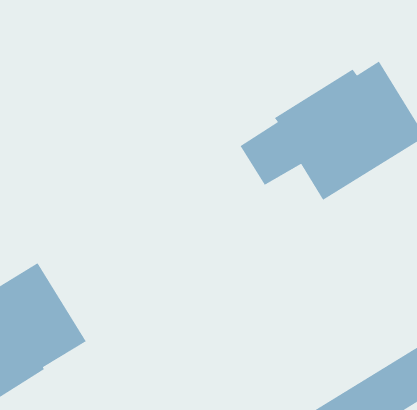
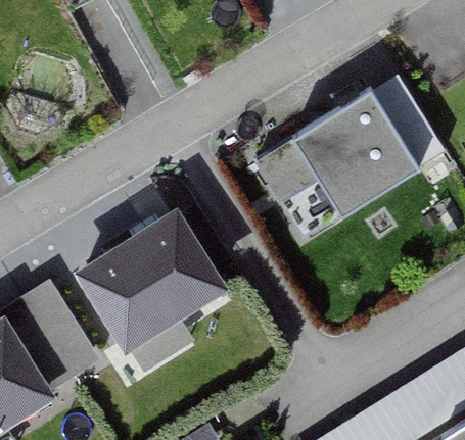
building: none -> [73,203,230,373]

